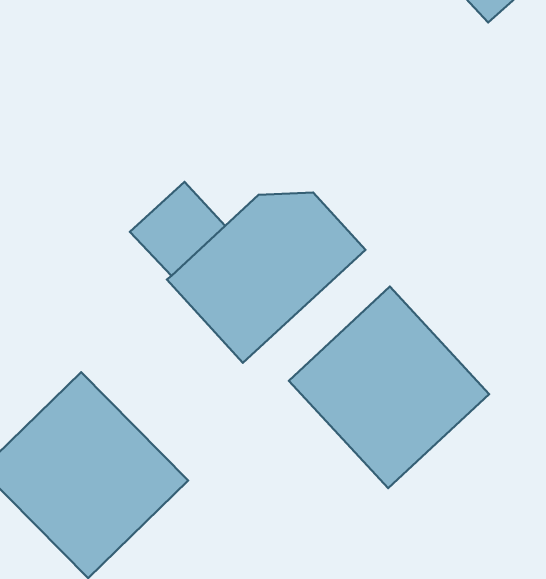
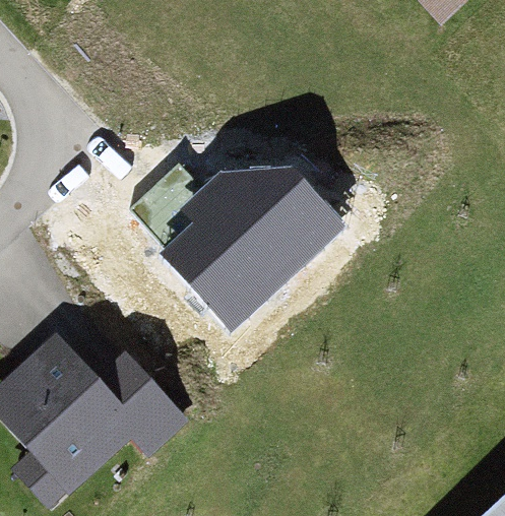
building: [289,286,489,488] -> none

